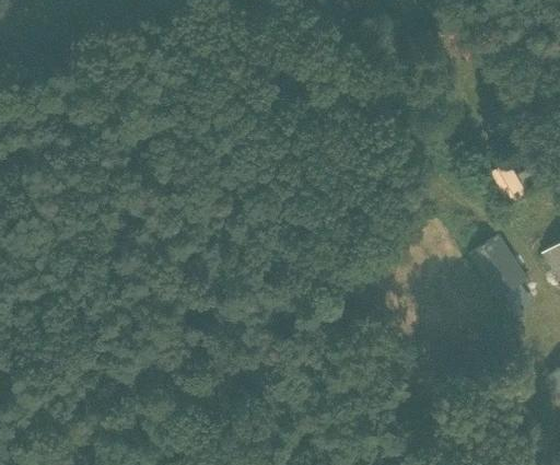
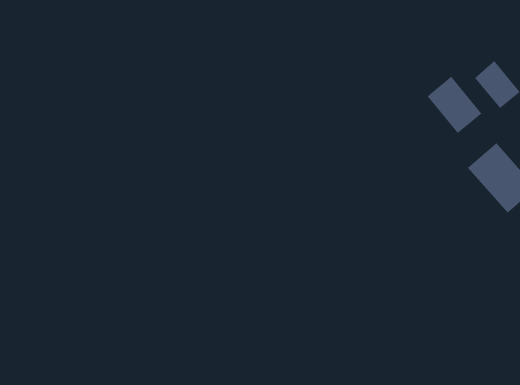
building: none -> [427,76,482,134]

